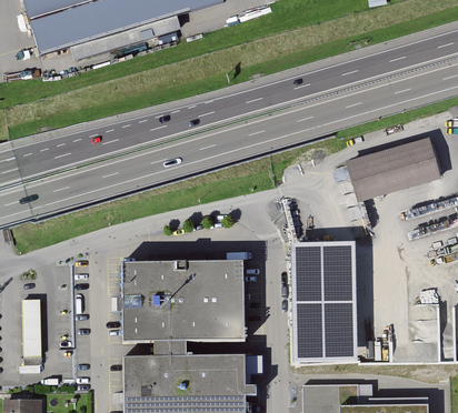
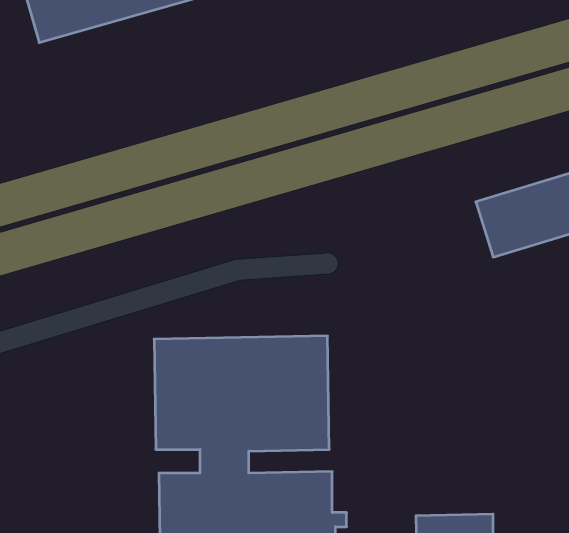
building: [290,242,359,361] -> none
building: [22,300,42,372] -> none

